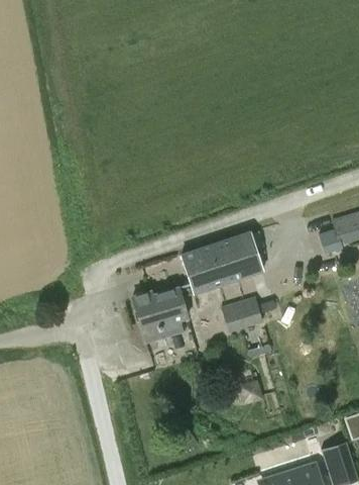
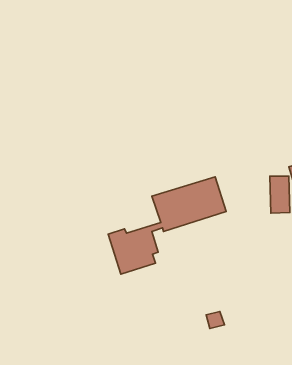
building: [221,296,264,332] -> none

